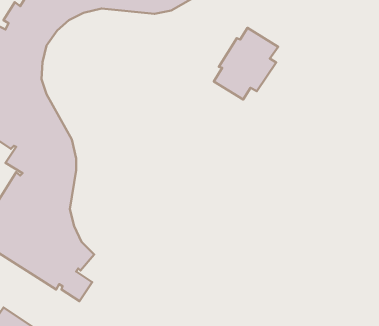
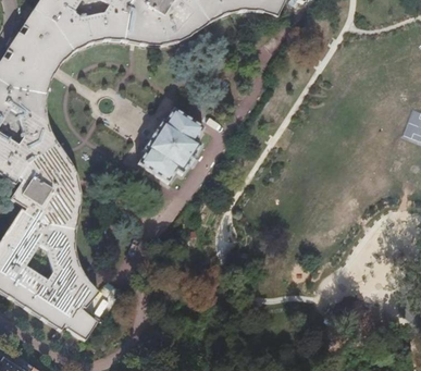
building: [214,28,278,100] -> [139,110,206,184]

